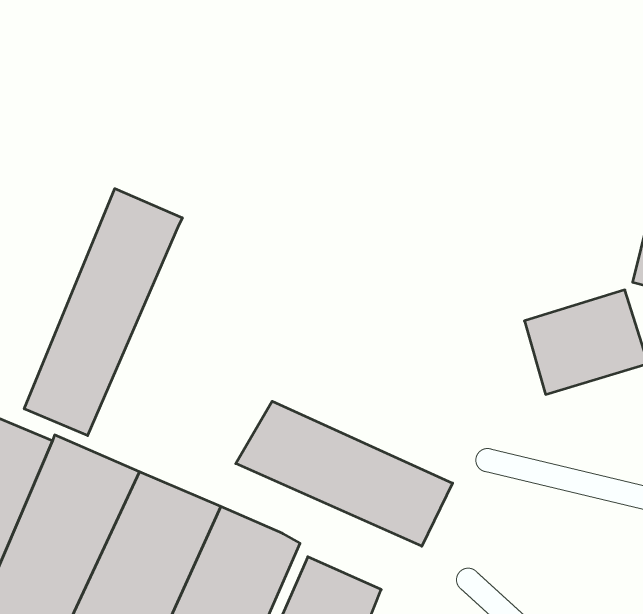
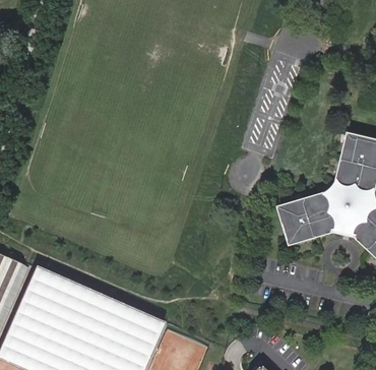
building: [24,189,182,436] -> none
building: [236,401,453,546] -> none

